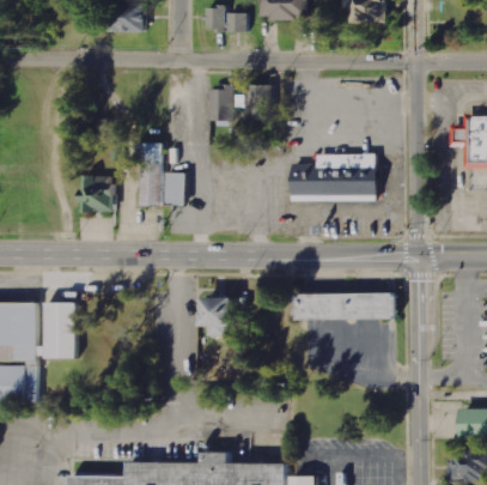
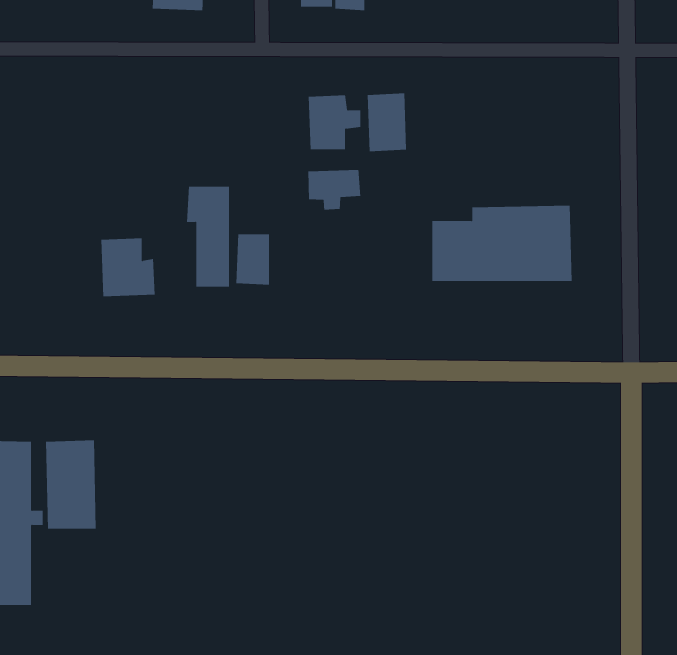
building: none -> [308,169,361,210]
building: [293,293,395,320] -> none
building: [202,296,237,337] -> none

